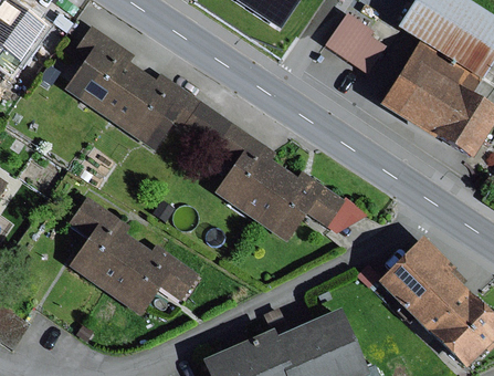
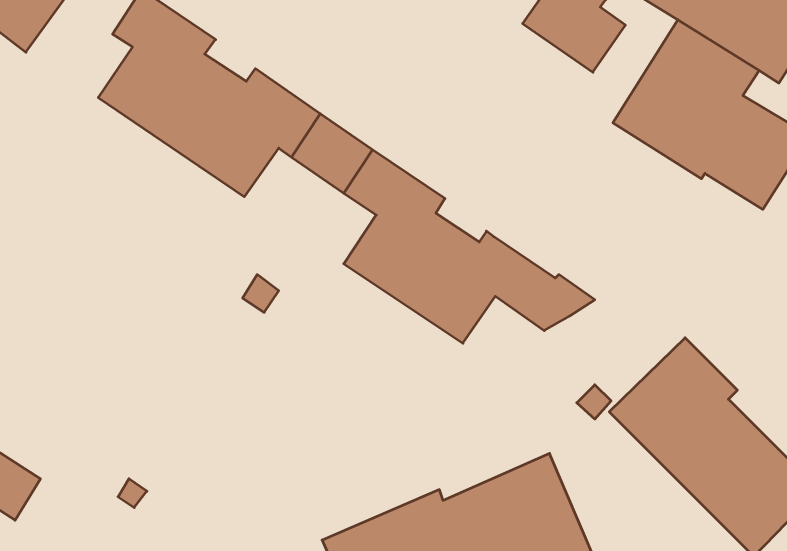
building: [69,196,200,314] -> none

